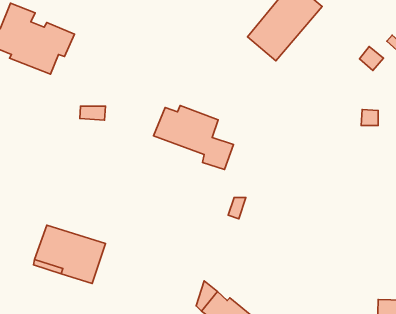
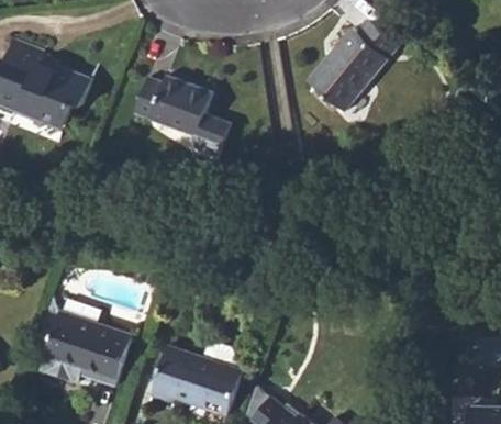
building: [154,106,233,170] -> [132,74,231,153]
building: none -> [149,342,242,415]

